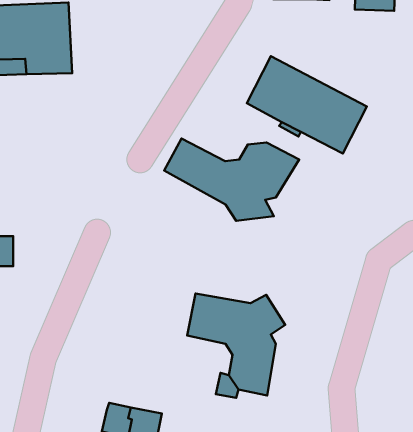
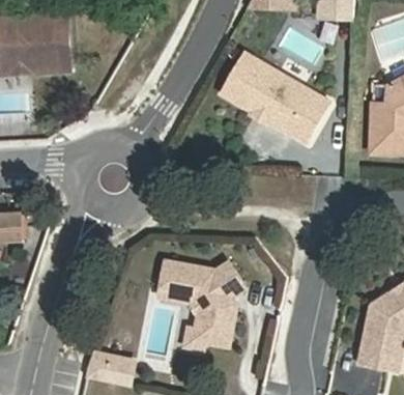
building: [164,138,299,221] -> none

